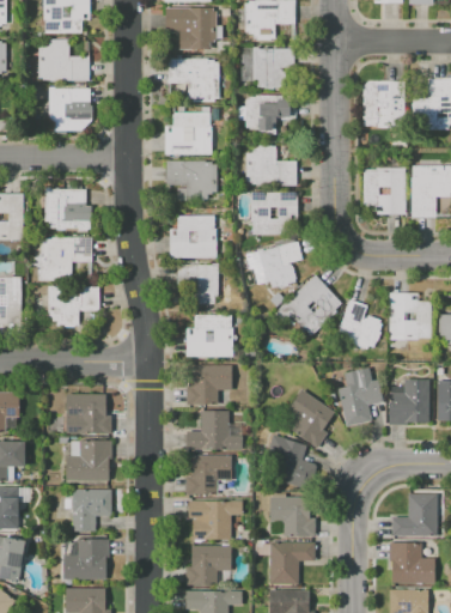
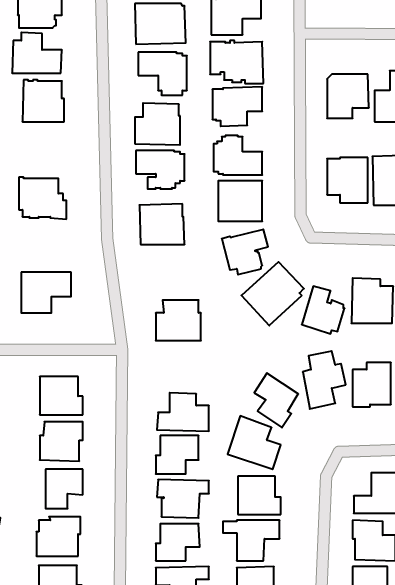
building: [38,237,92,281] -> none
building: [177,263,219,305] -> none
building: [188,365,232,405] -> none

